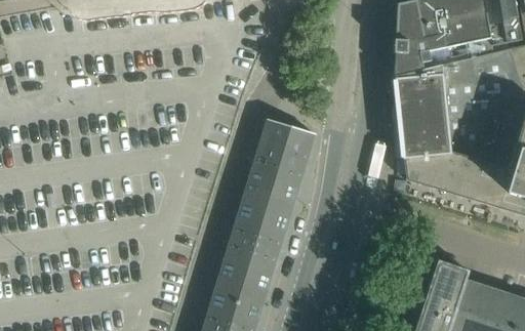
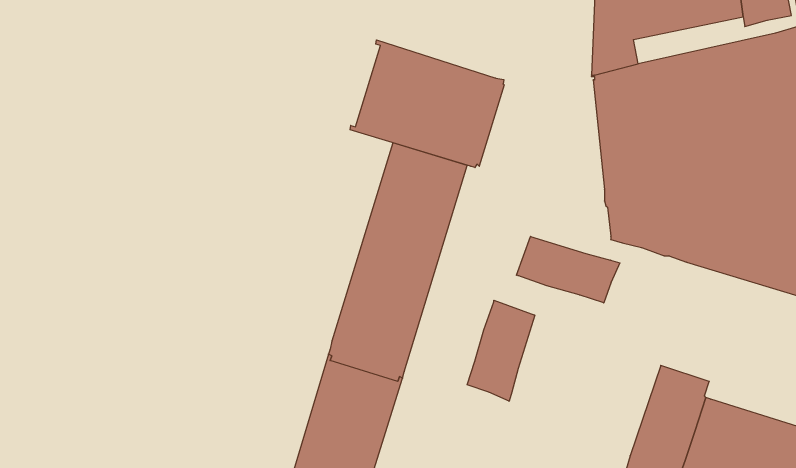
building: none -> [350,40,504,168]
building: none -> [516,236,620,303]
building: none -> [467,300,535,401]

